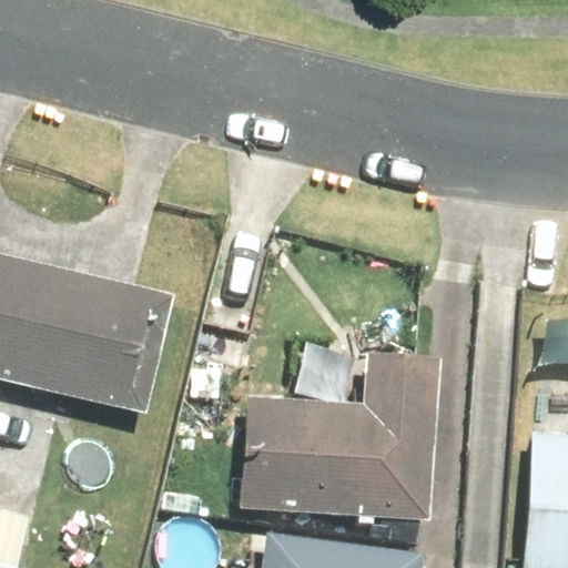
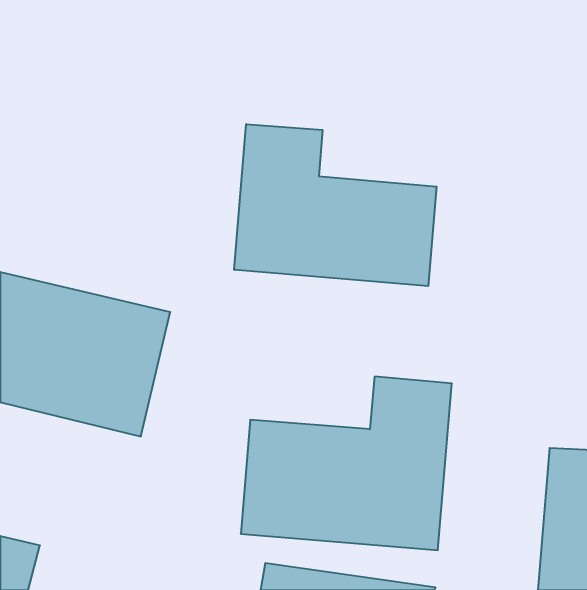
building: none -> [234,124,437,286]

